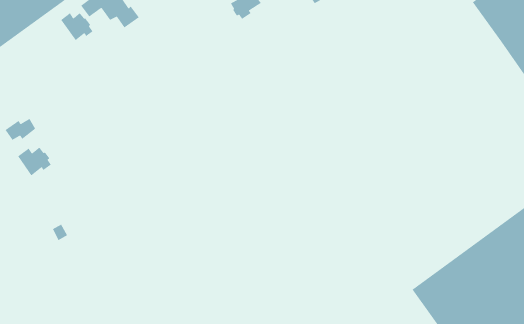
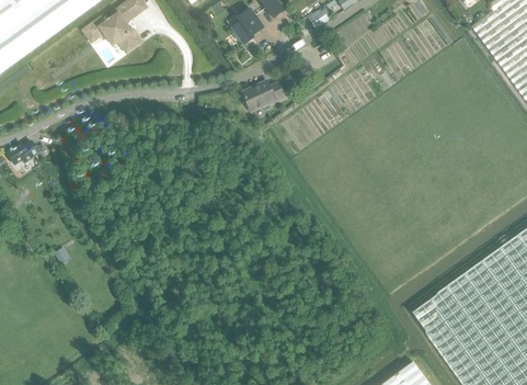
building: [60,12,93,41] -> none
building: none -> [242,81,284,111]
building: [17,147,52,176] -> none

